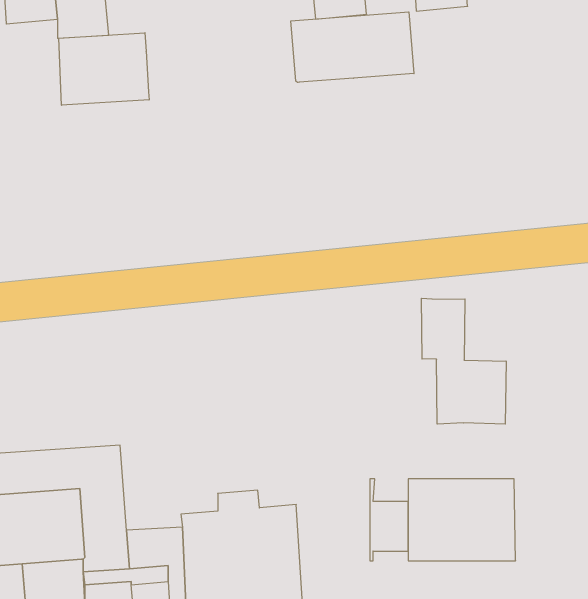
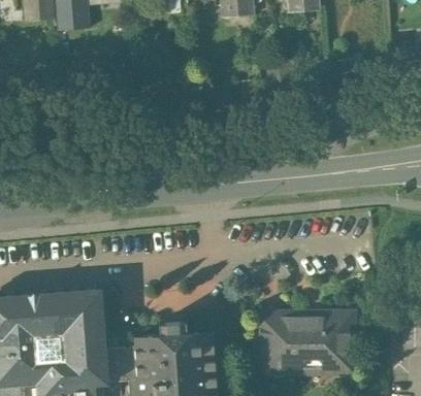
building: [291,12,414,82] -> none
building: [59,33,149,105] -> none
building: [422,298,506,424] -> none

